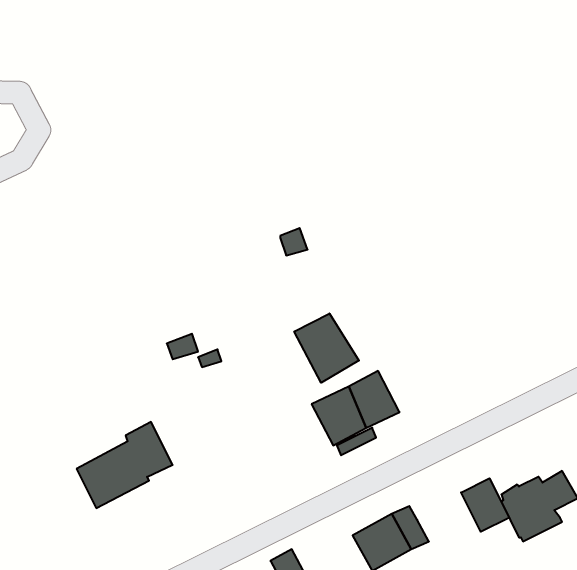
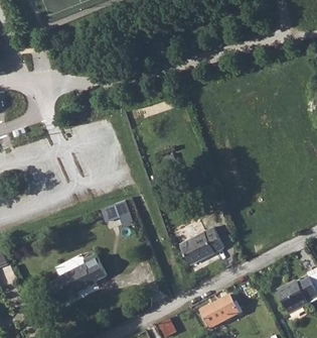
building: [294,313,359,383] -> none
building: [461,478,509,532] -> none

